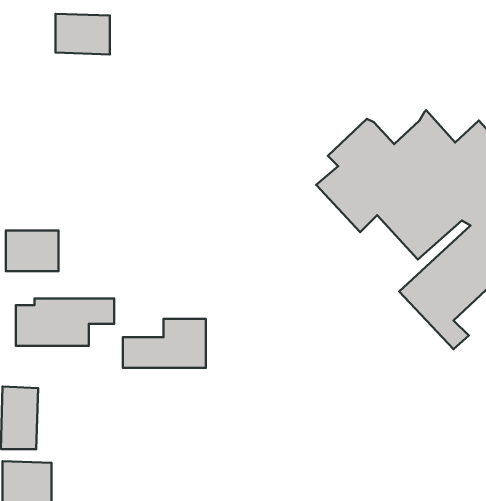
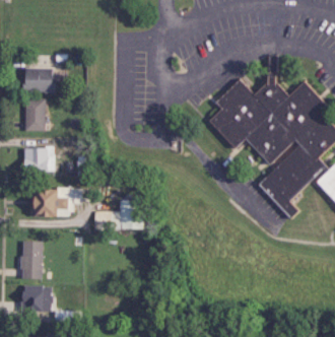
building: [56,14,110,54] -> [26,68,59,92]
building: none -> [24,98,45,131]

